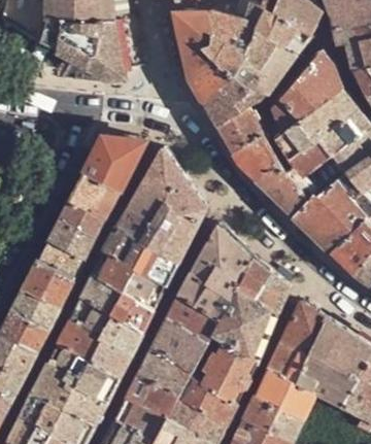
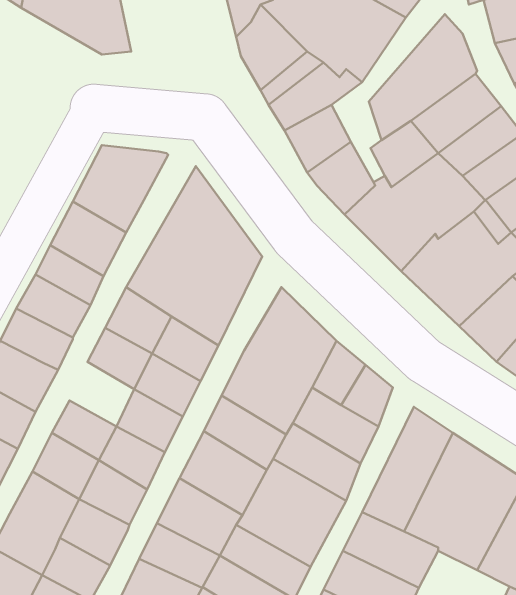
building: [82,272,124,313] -> none

